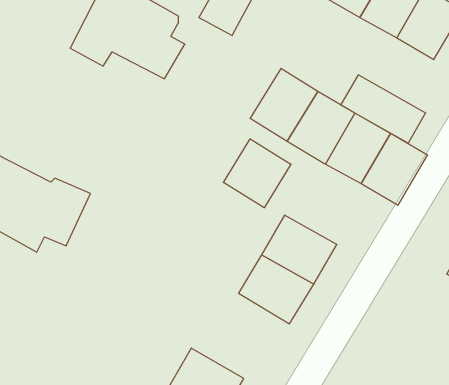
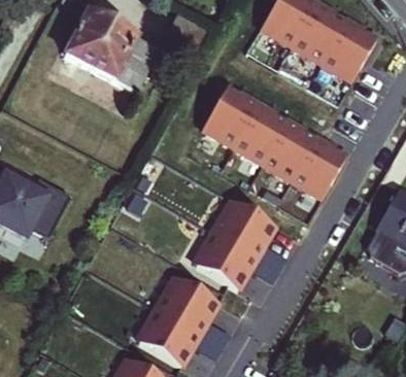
building: [341,75,426,143] -> none
building: [223,139,291,208] -> none
building: none -> [157,279,217,336]

